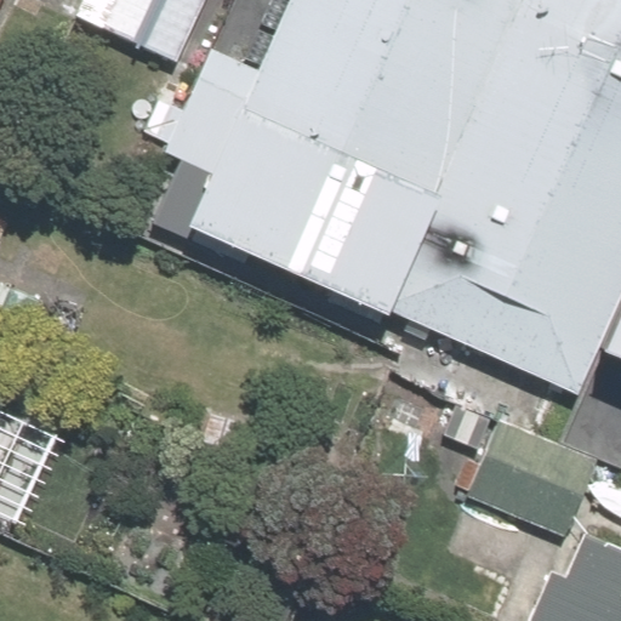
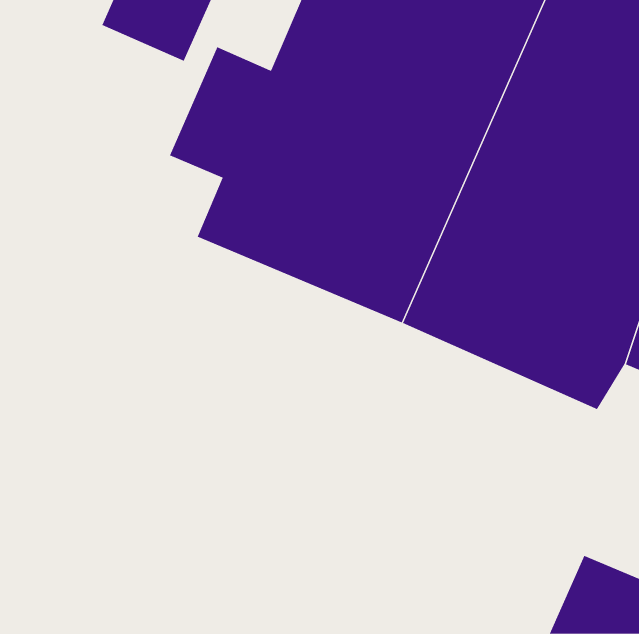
building: [450,406,589,539] -> none

